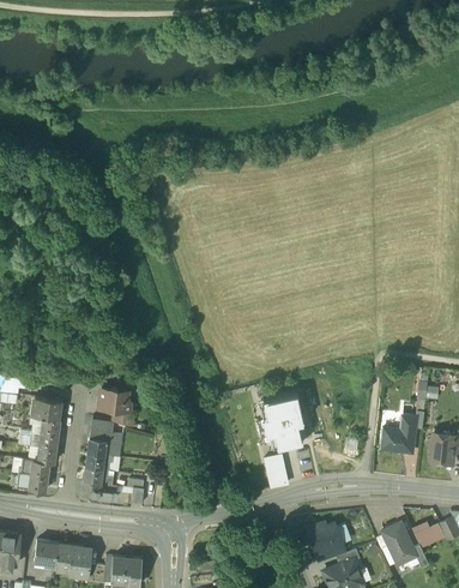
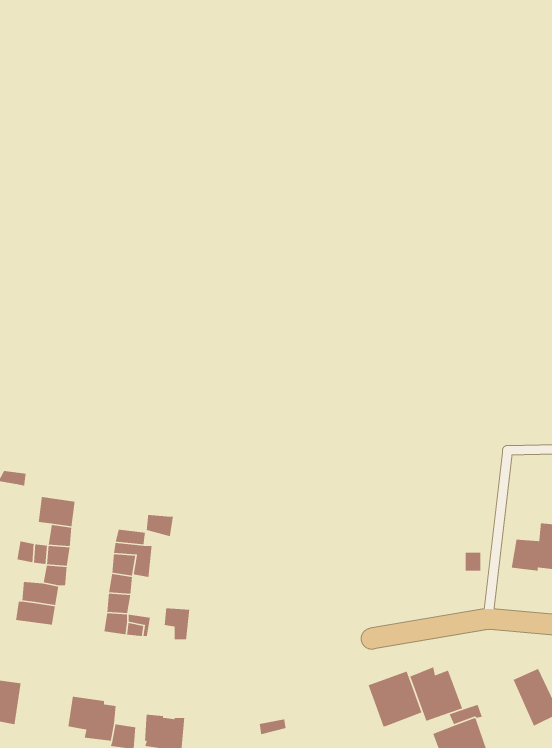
building: [98,388,129,412] -> none
building: [259,395,303,450] -> none
building: [264,456,288,490] -> none
building: none -> [368,670,422,727]
building: [32,541,59,570] -> none

